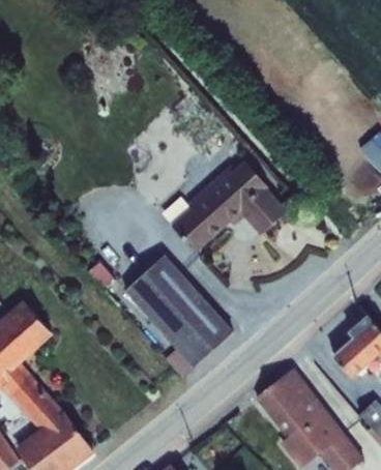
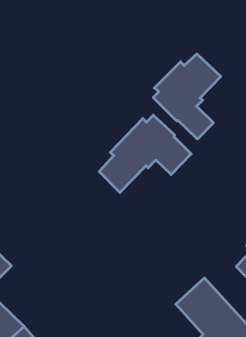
building: none -> [153,54,221,139]
building: [124,255,234,368] -> none

